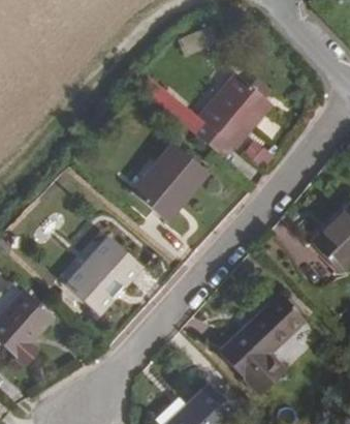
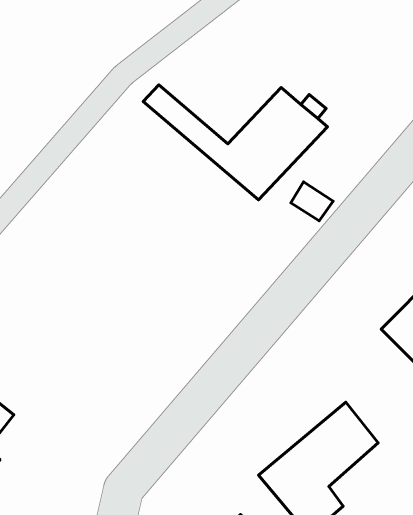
building: [133,141,208,216] -> none
building: [64,233,140,308] -> none

